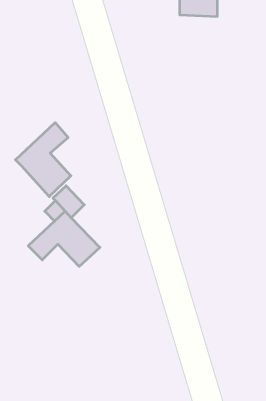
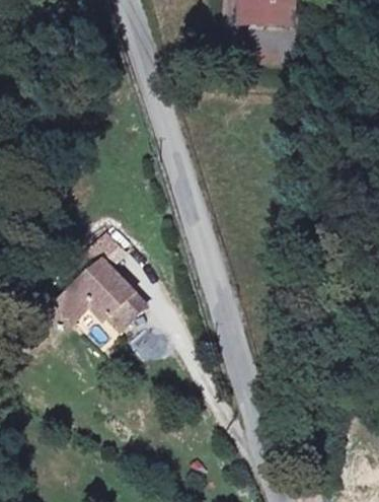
building: [15,123,71,197] -> none

